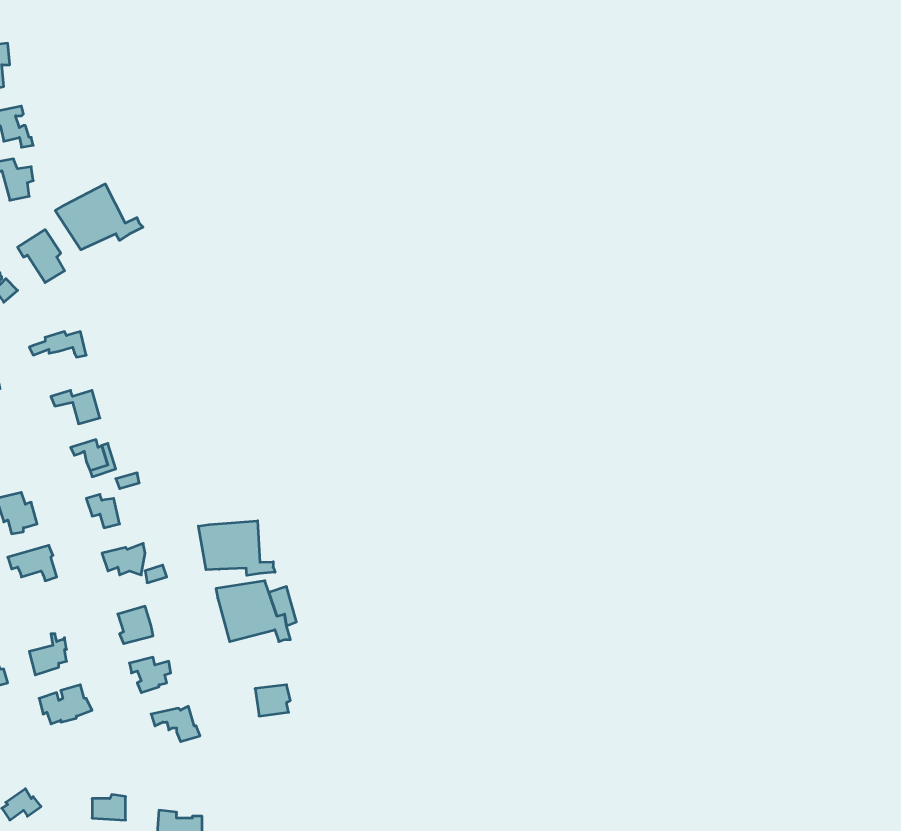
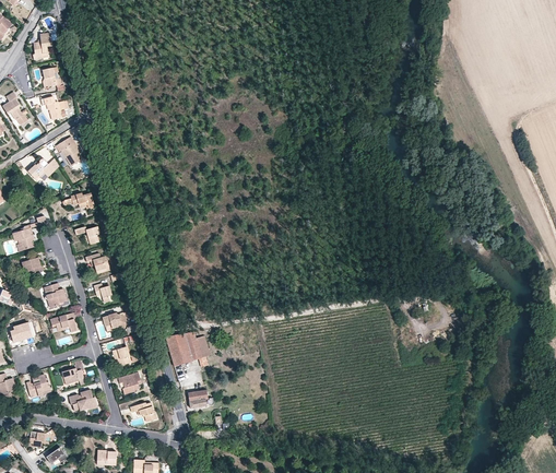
building: [55,184,143,250] -> none
building: [198,521,275,575] -> none

